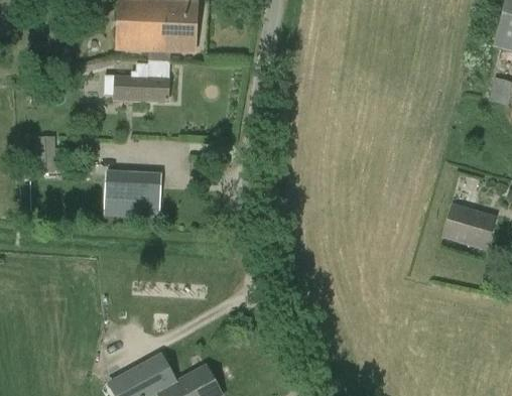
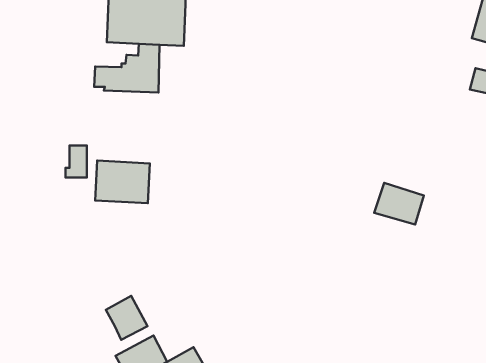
building: [32,137,54,170] -> [66,146,87,178]
building: [443,206,495,249] -> [374,183,424,225]
building: none -> [106,296,147,340]

